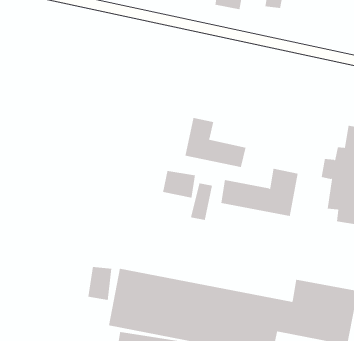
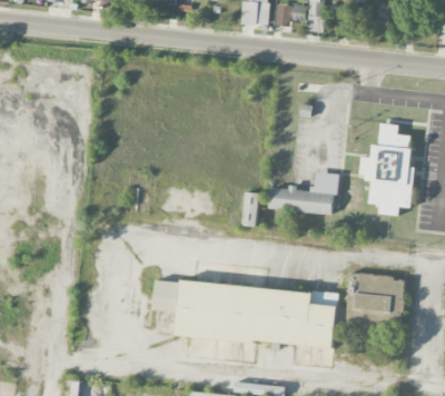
building: [185,117,246,168] -> none
building: [163,170,196,199] -> none

